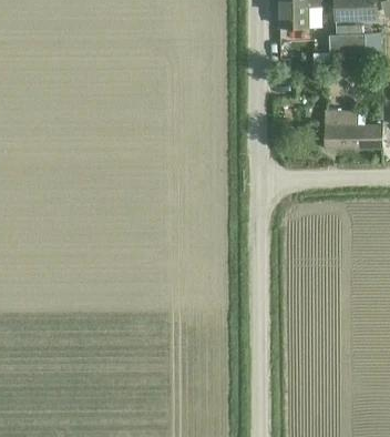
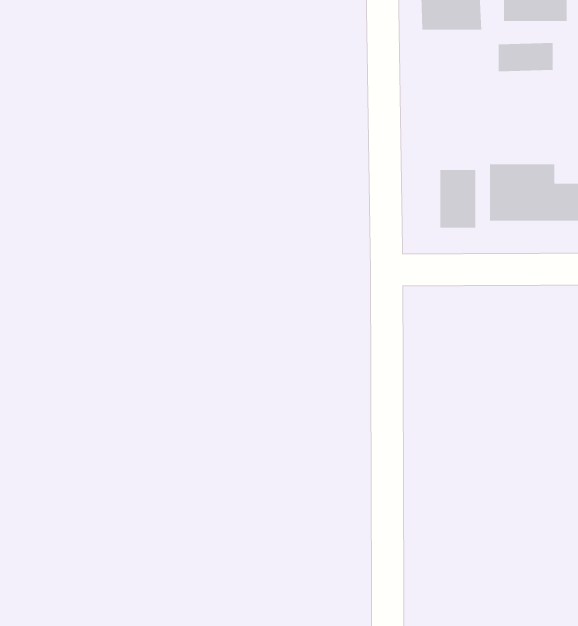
building: none -> [440,169,476,229]

